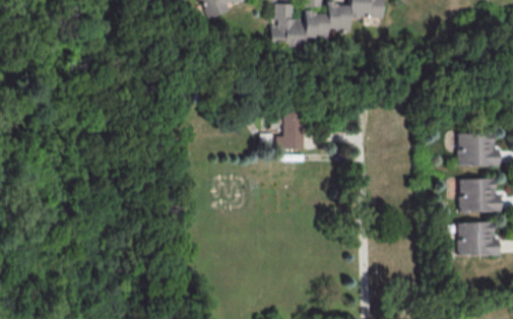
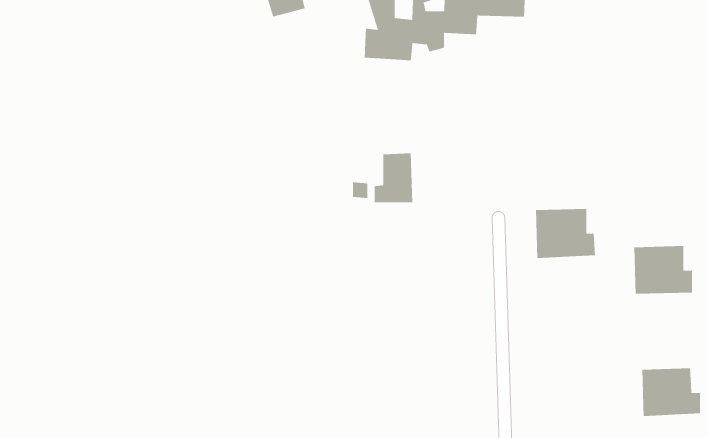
building: [457,131,500,167] -> [535,208,596,259]
building: [458,221,500,256] -> [642,368,701,417]

